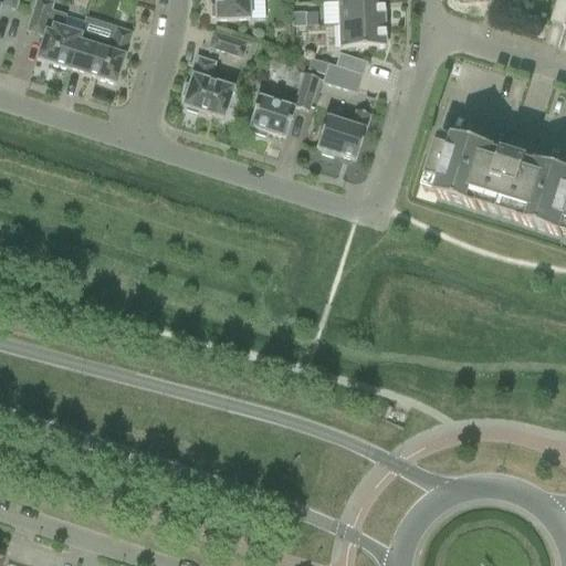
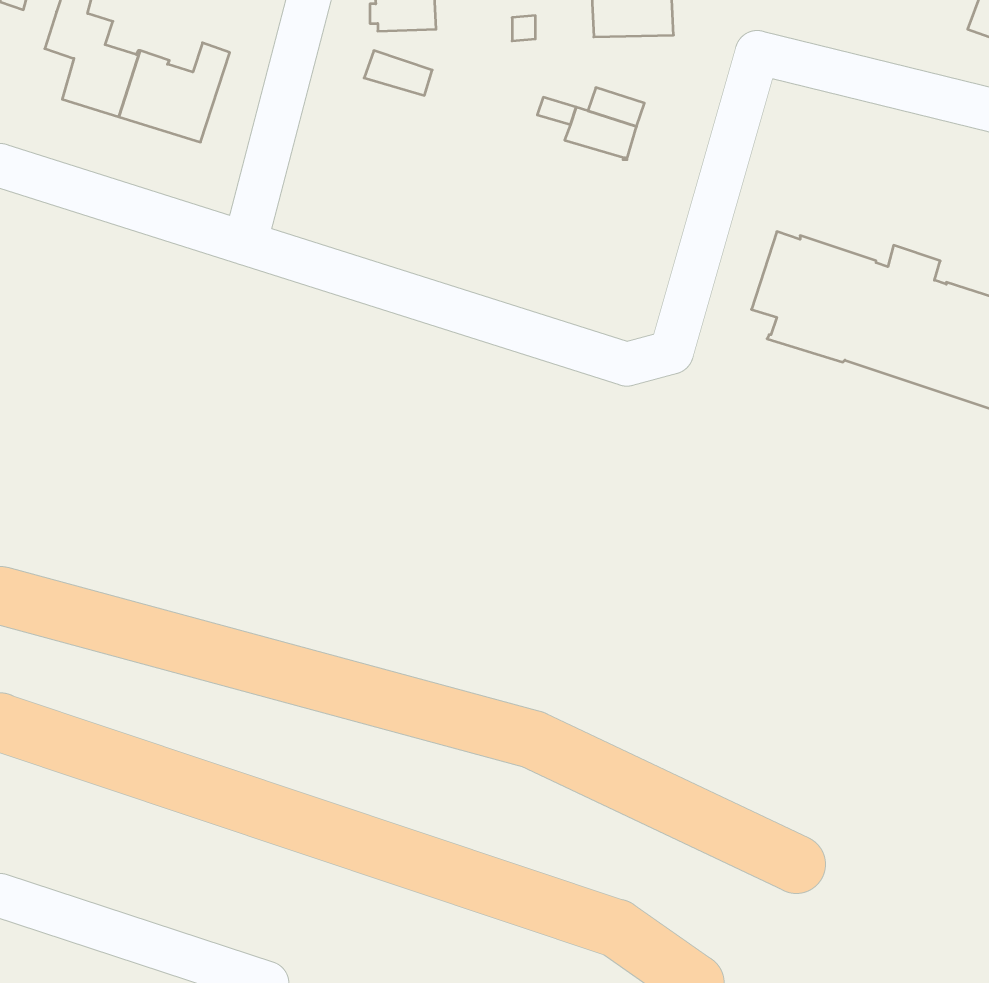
building: [340,20,389,45] -> none
building: [185,54,234,115] -> none
building: [250,70,321,135] -> none
building: [317,106,373,157] -> none

